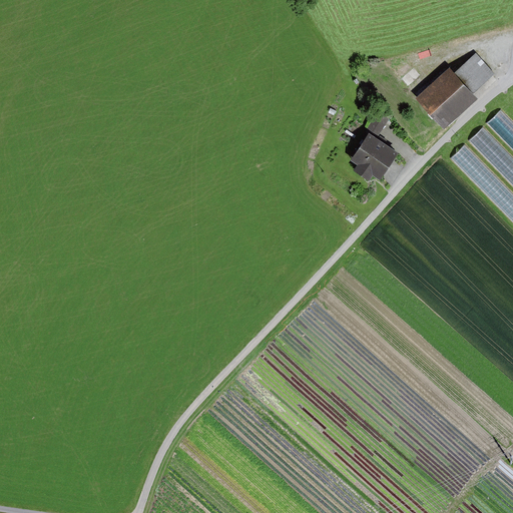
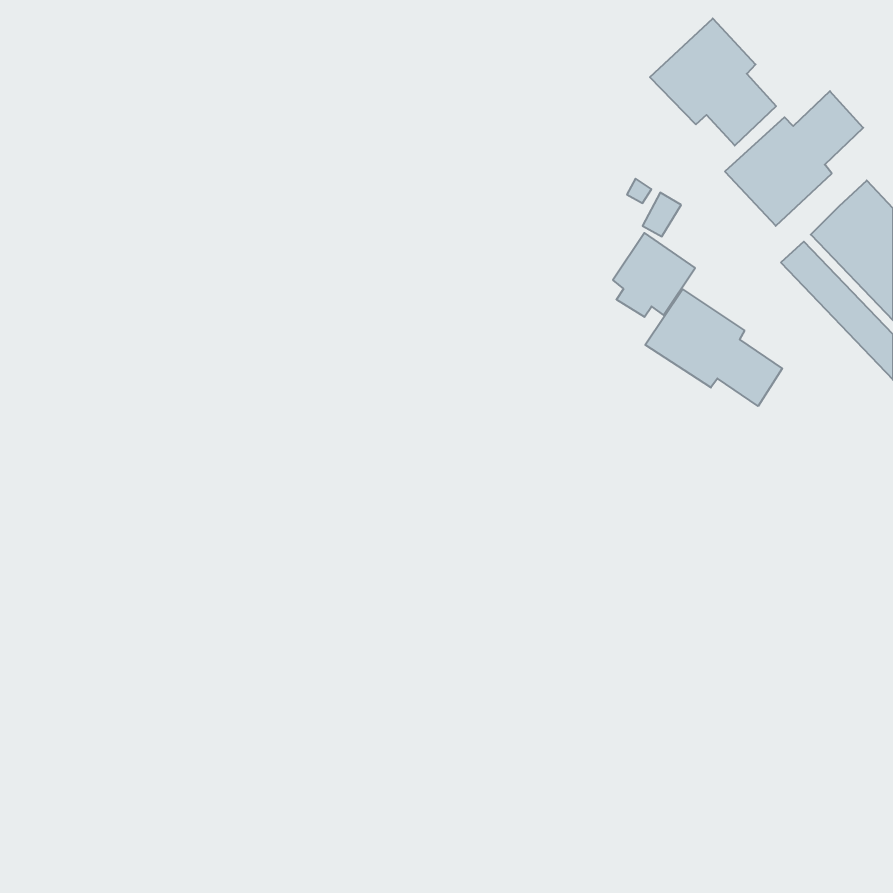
building: none -> [650,18,776,146]
building: none -> [645,289,782,406]

